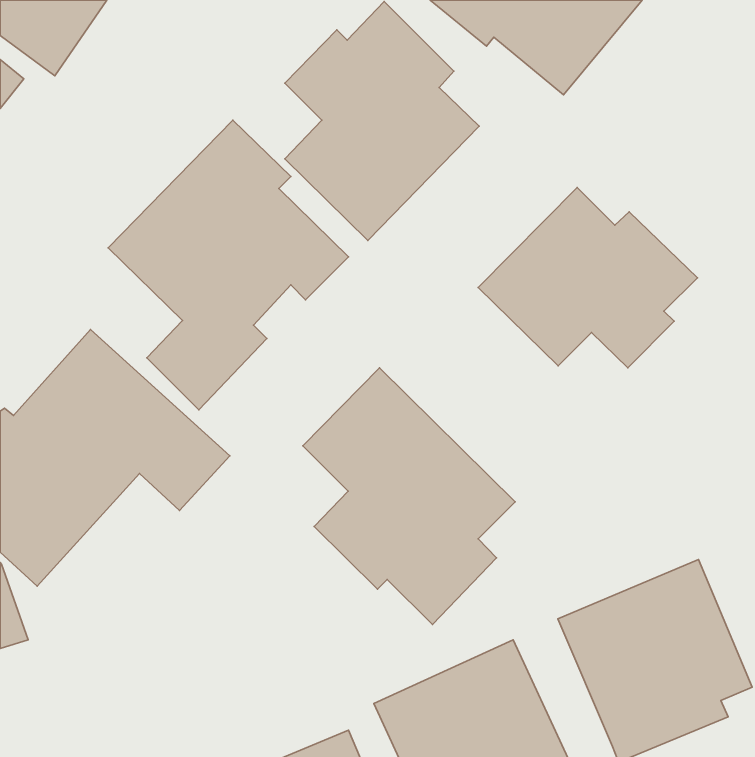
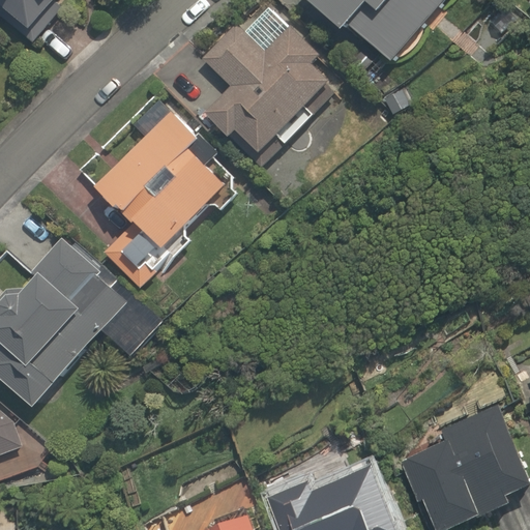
building: [478,187,697,368] -> none
building: [303,368,515,625] -> none

